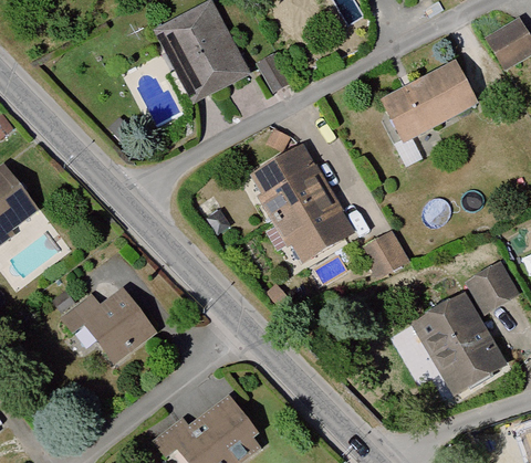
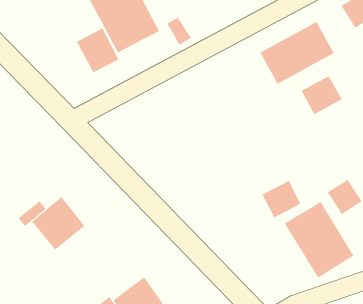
building: none -> [76,27,119,73]
building: none -> [301,76,342,115]
building: [251,147,352,263] -> none
building: [362,228,414,277] -> [261,180,301,218]

